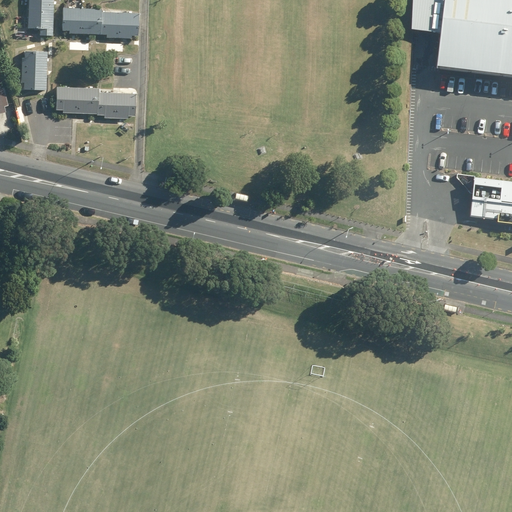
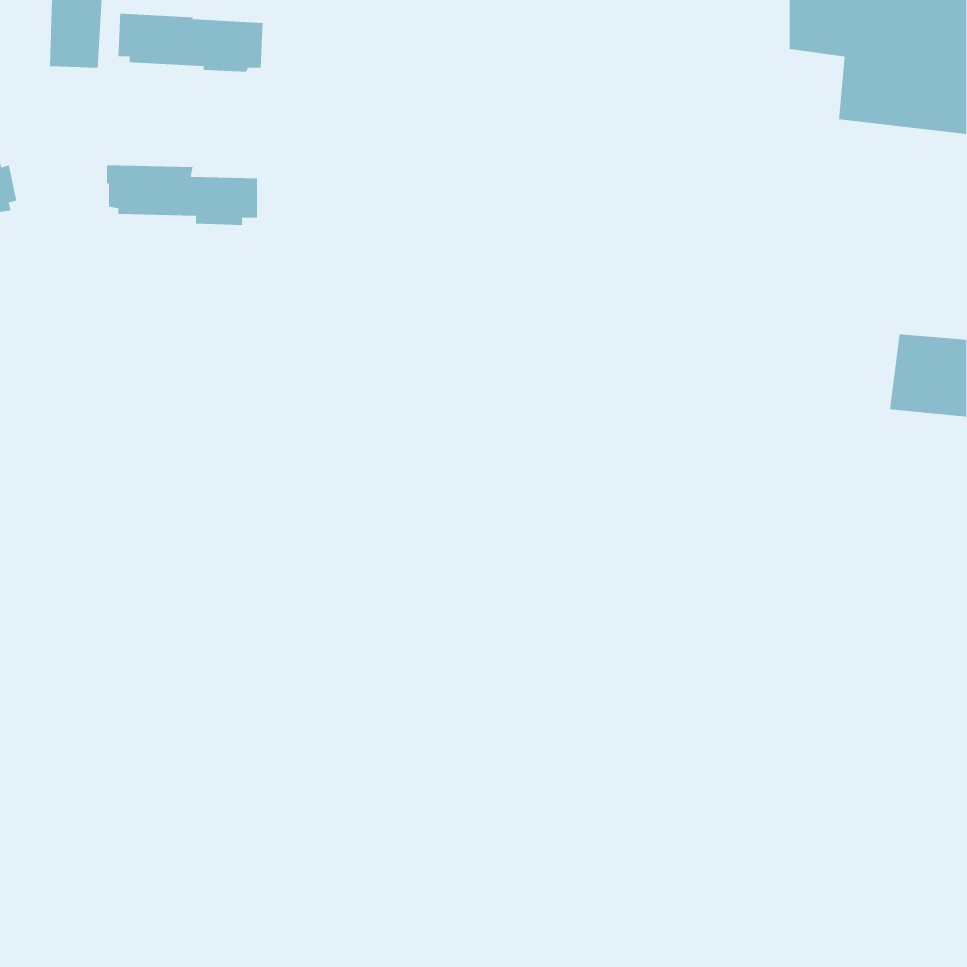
building: [21,48,48,89] -> none

